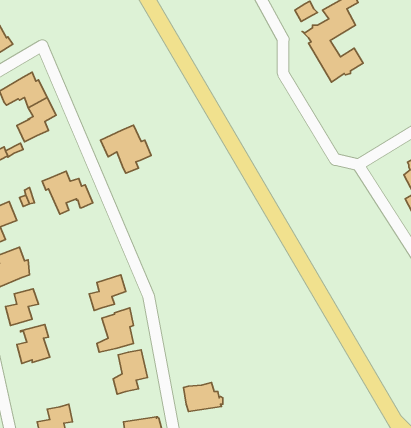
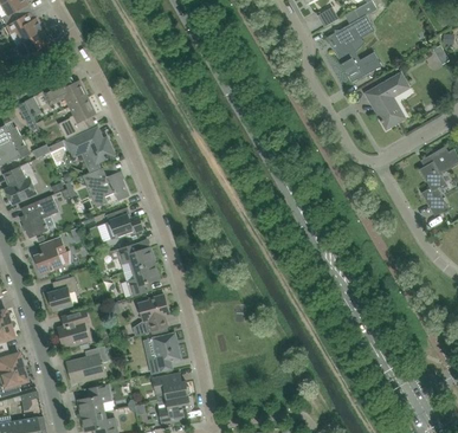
building: none -> [365,72,409,130]
building: [100,125,151,173] -> [66,127,114,172]
building: none -> [104,207,143,239]
building: none -> [110,243,155,270]
building: none -> [66,345,108,381]
building: [184,383,223,412] -> [153,373,189,400]

